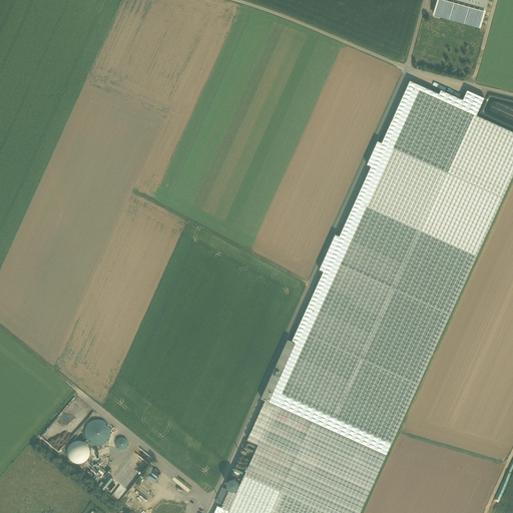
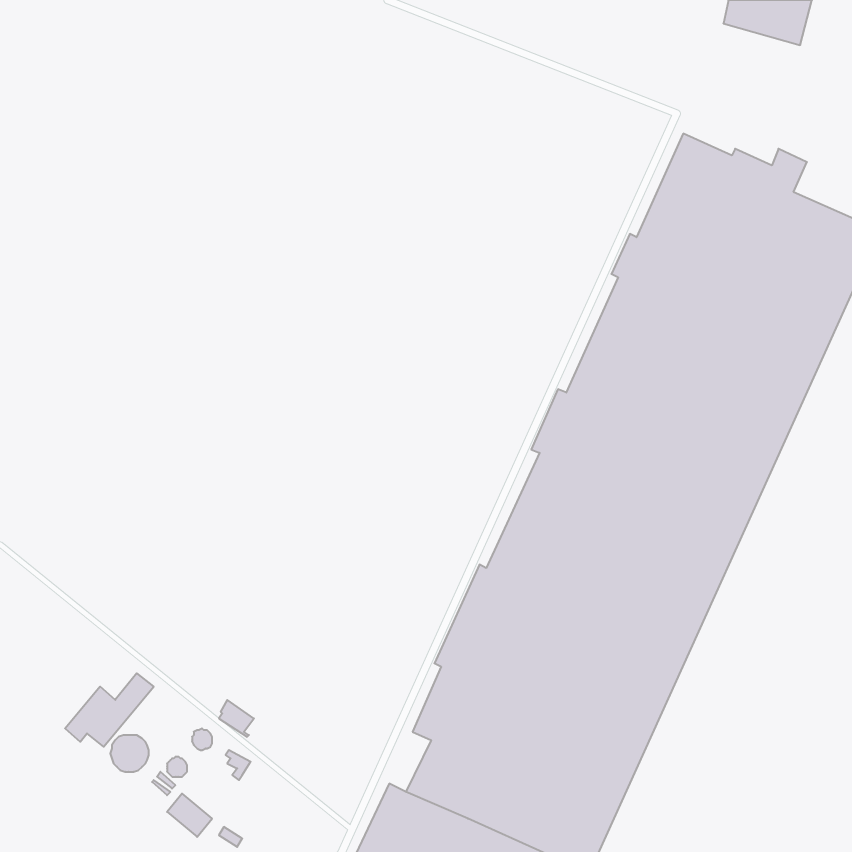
building: [85,420,111,446] -> none

